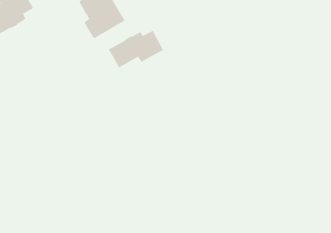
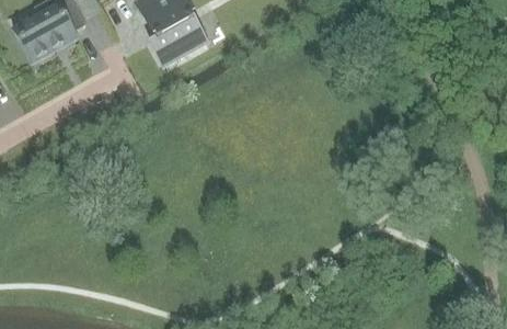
building: [108,30,164,68] -> none

